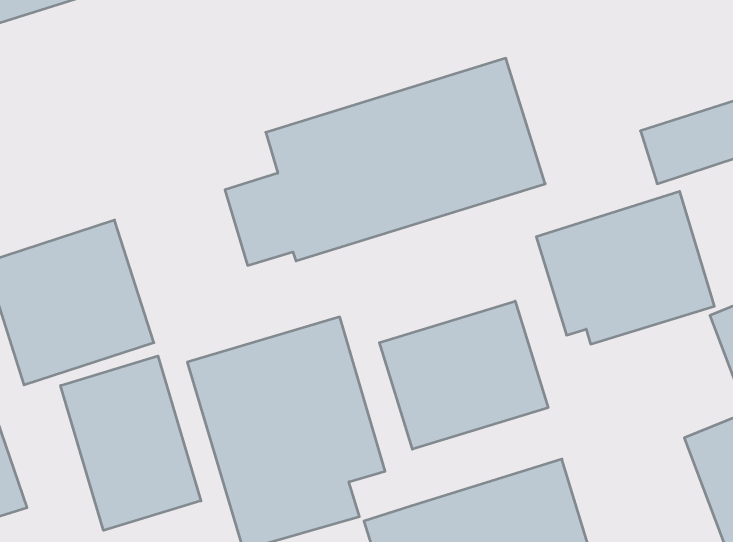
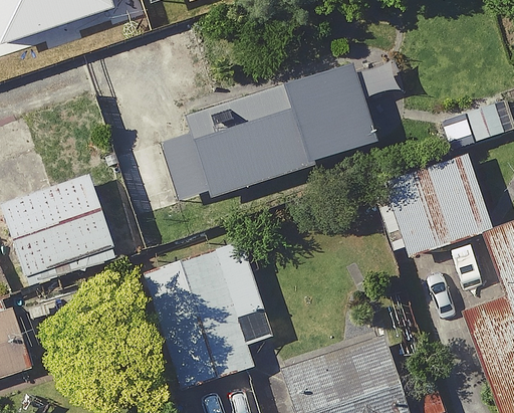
building: [379,301,548,449] -> none
building: [61,356,201,530] -> none

